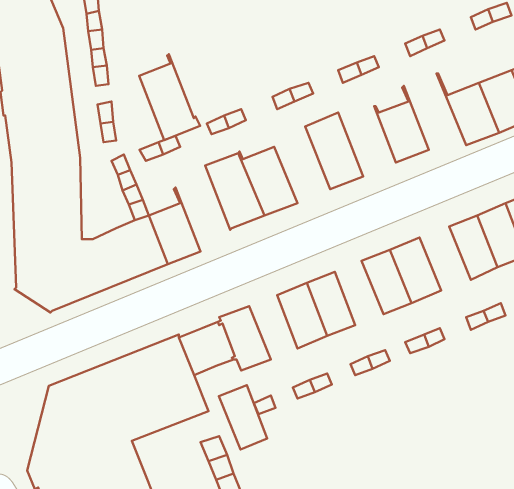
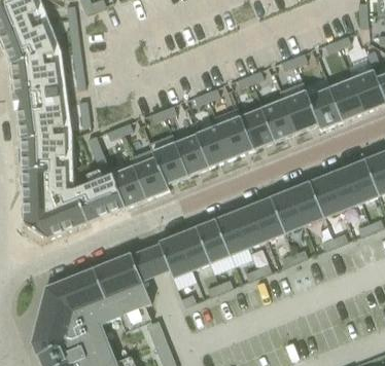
building: [139,54,200,140] -> [130,141,170,197]
building: none -> [280,80,321,131]
building: none -> [237,102,275,148]
building: none -> [195,115,232,166]
building: none -> [290,181,324,223]
building: none -> [235,204,267,246]
building: [219,385,267,449] -> [178,226,210,268]

